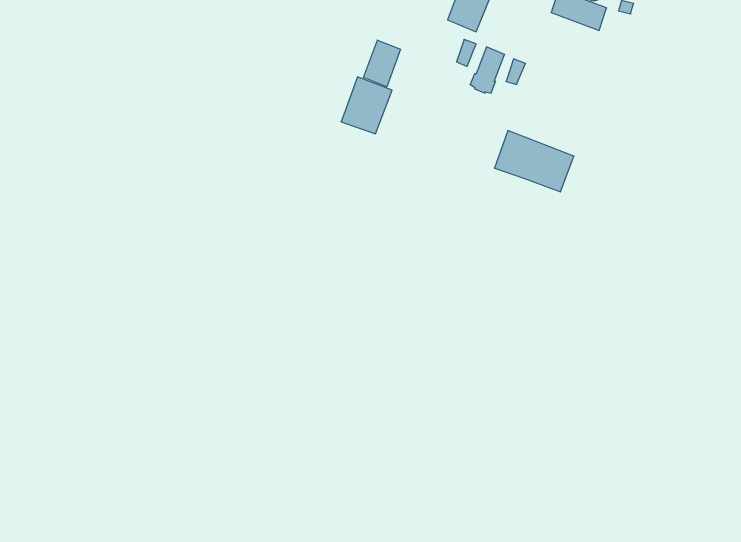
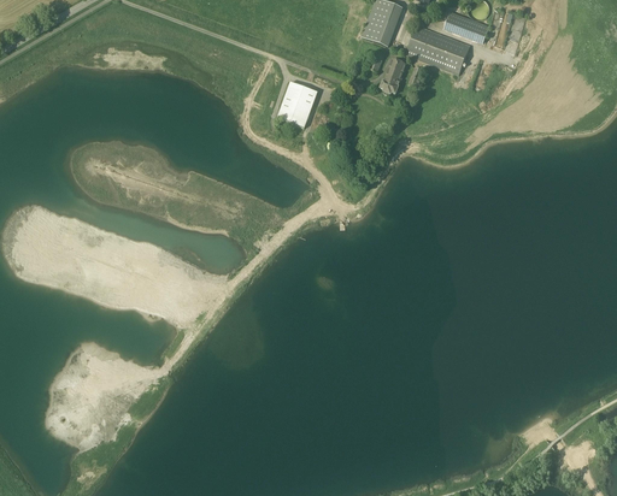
building: [364,40,401,87] -> none
building: [494,131,574,192] -> [407,24,471,73]

